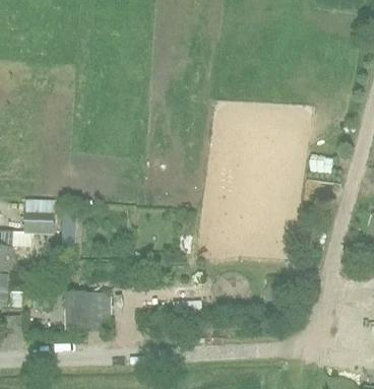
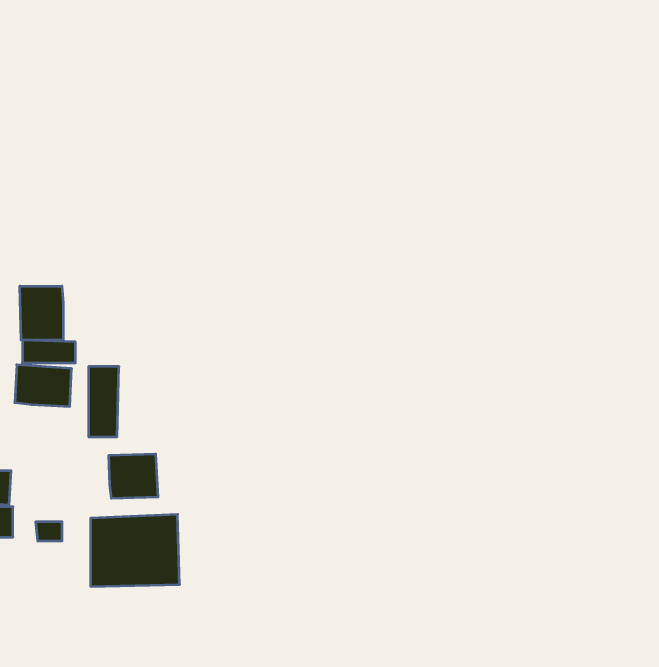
building: none -> [20,286,63,340]
building: none -> [109,454,158,498]

